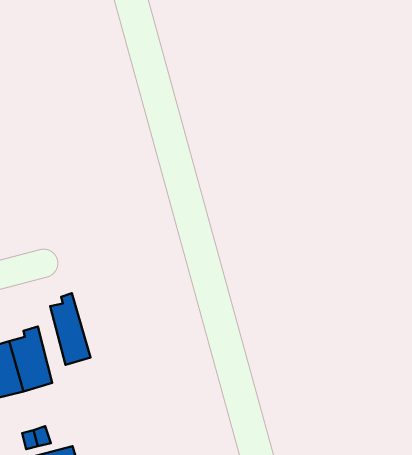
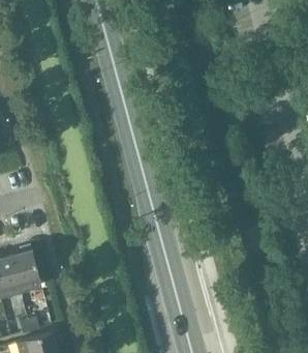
building: [50,293,90,365] -> none

